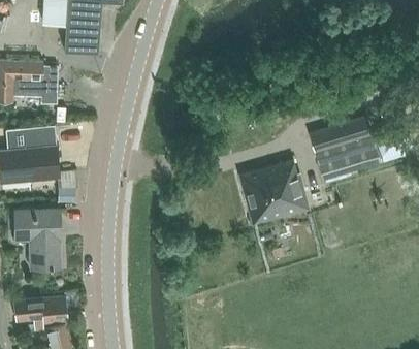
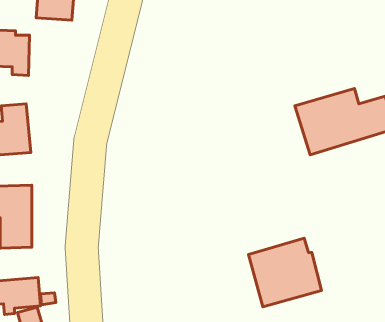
building: [239,159,309,224] -> [249,238,321,307]

